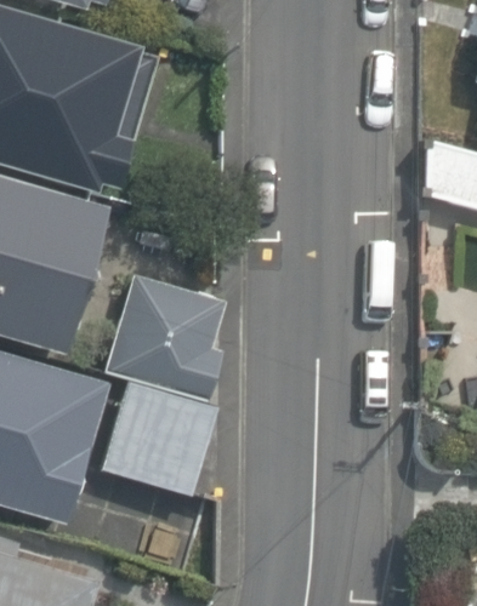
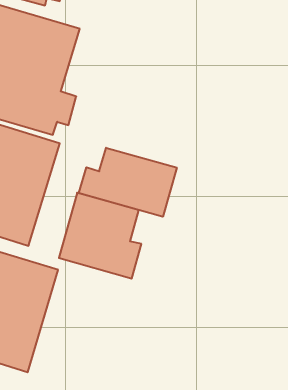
building: none -> [79,148,177,217]
building: [84,370,201,497] -> none

